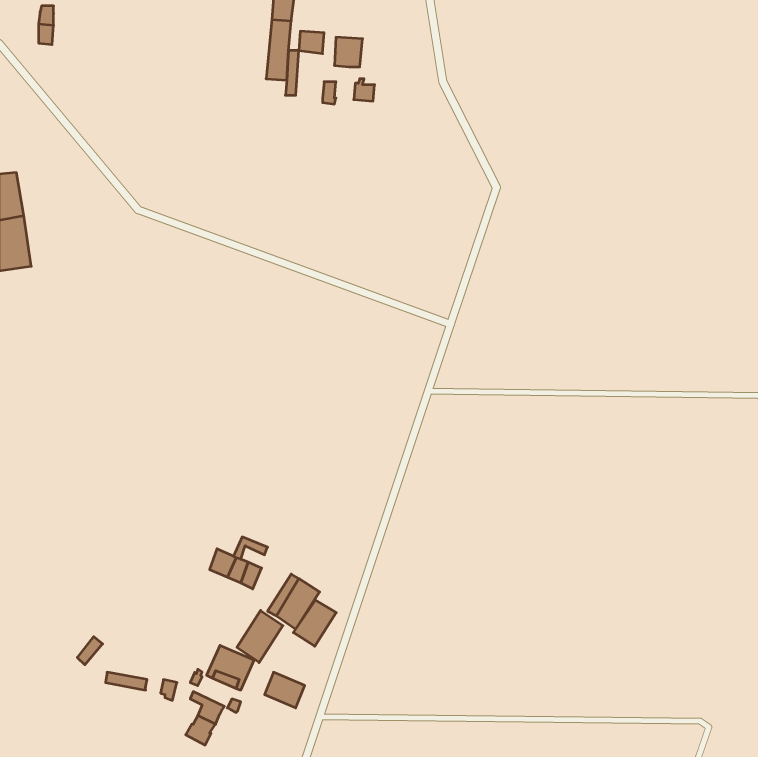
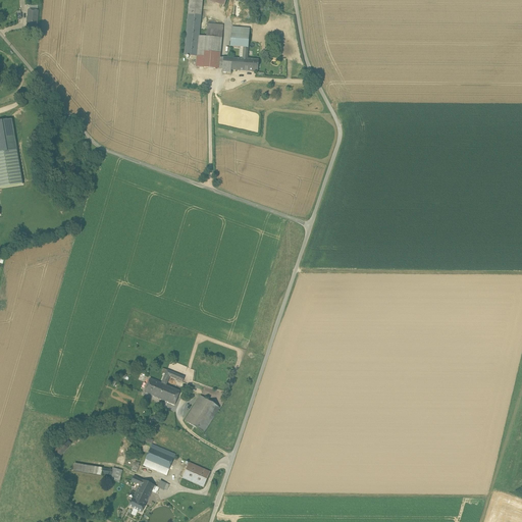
building: none -> [203,35,221,66]
building: [293,600,336,646] -> none
building: [237,610,283,663] -> none

